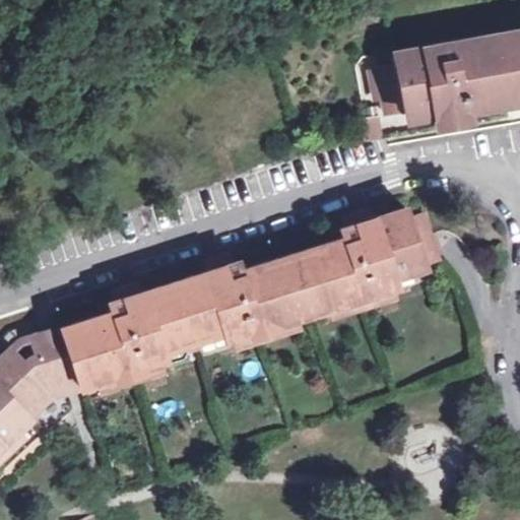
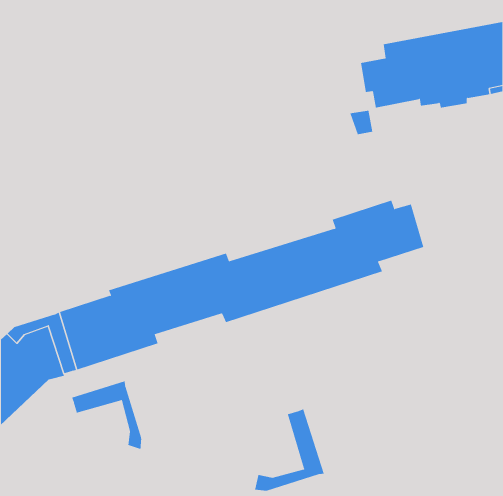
building: none -> [71,381,142,450]
building: none -> [254,409,324,492]

